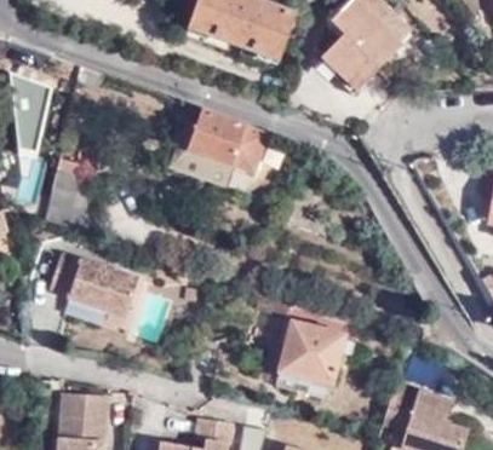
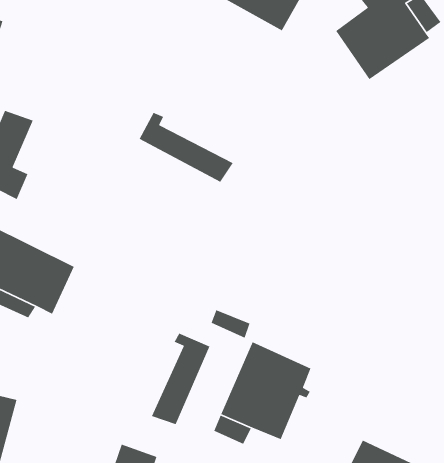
building: [184,110,271,172] -> none
building: none -> [151,332,210,425]

